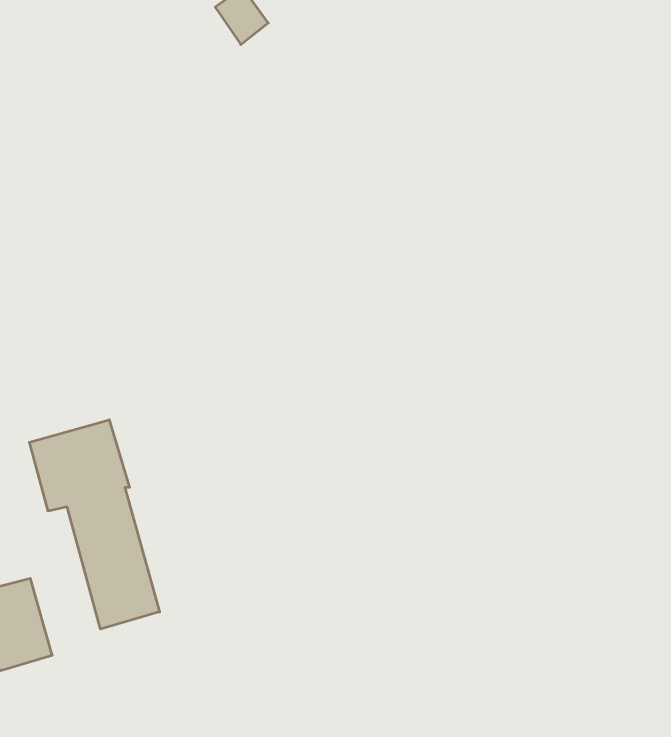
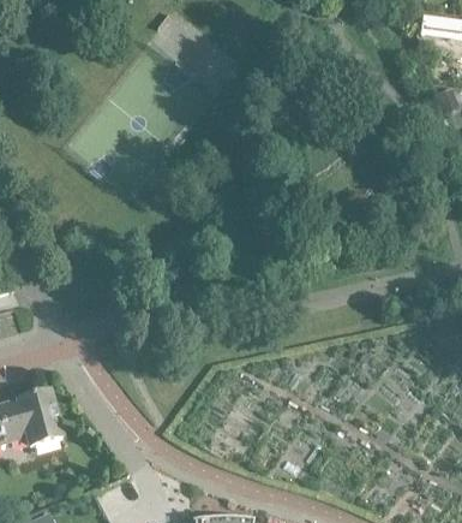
building: [29,420,160,629] -> none

